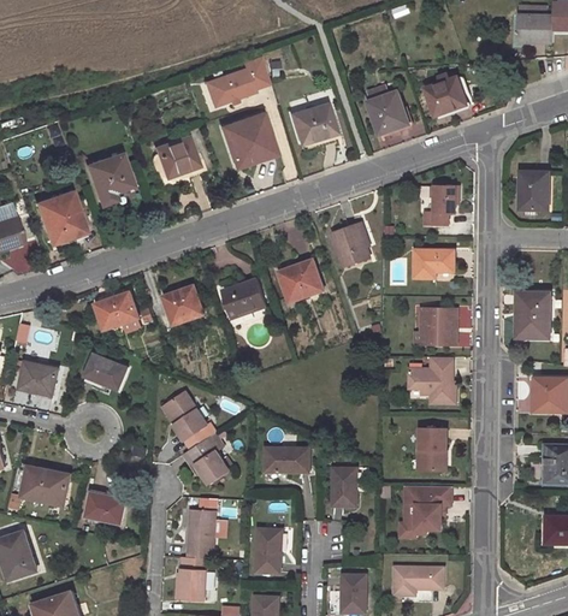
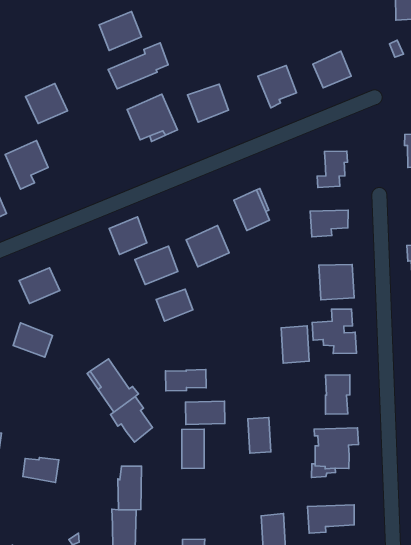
building: none -> [99,11,142,50]
building: [155,135,200,177] -> [26,84,68,124]
building: [165,284,205,324] -> [109,217,147,254]
building: none -> [156,289,193,321]
building: none -> [281,326,309,363]
building: none -> [165,370,206,391]
building: [255,528,282,571] -> [182,429,204,468]

